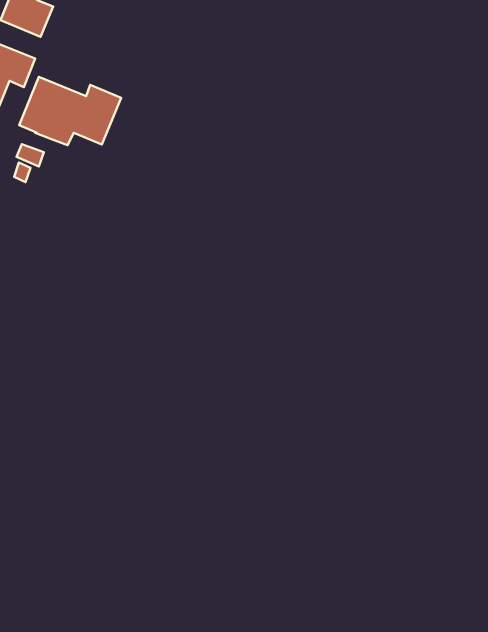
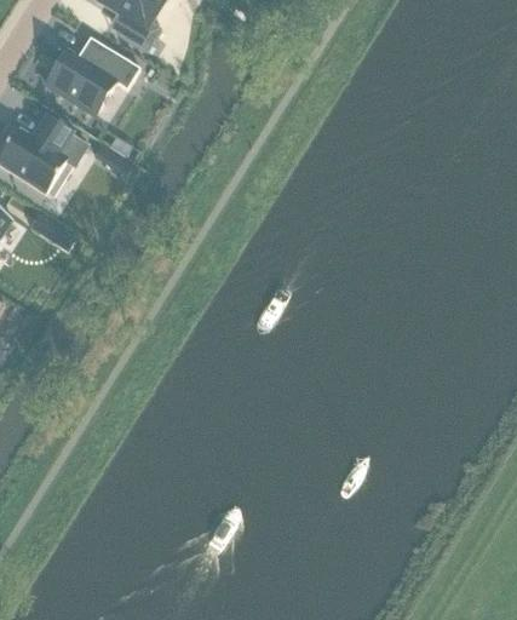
building: [19,77,121,145] -> none

